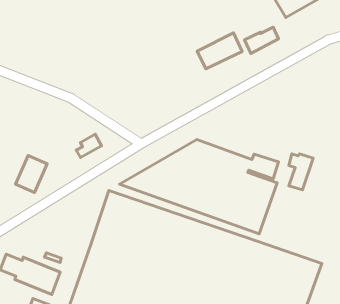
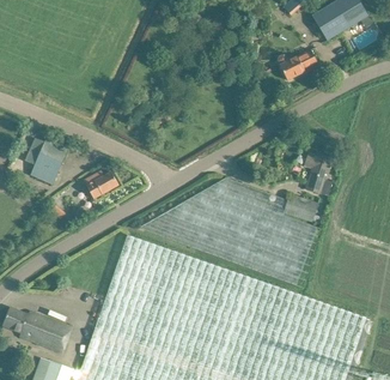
building: [197,33,242,69] -> none
building: [289,154,313,190] -> [304,153,331,194]
building: [16,155,47,193] -> [30,143,66,185]

